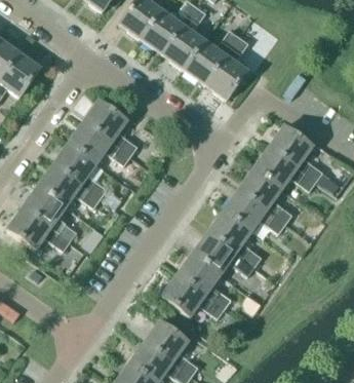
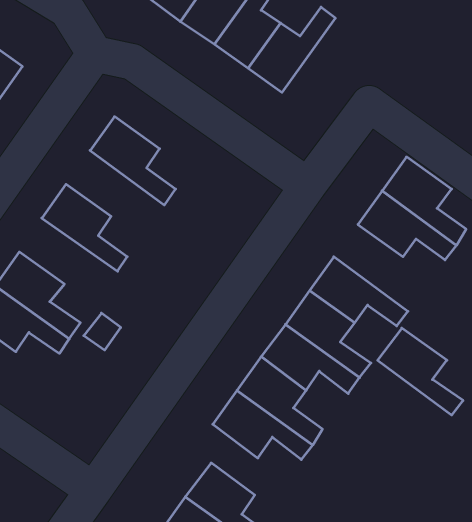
building: [205,37,248,100] -> none
building: [68,121,130,165] -> none
building: [38,164,101,207] -> none
building: [238,168,292,224] -> [378,328,463,415]

